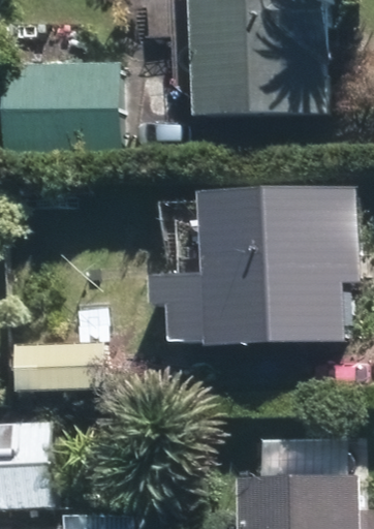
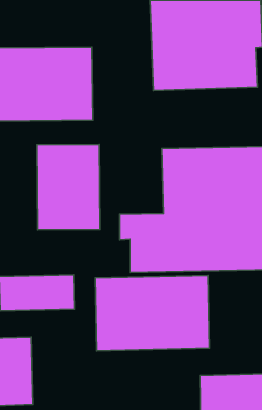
building: none -> [37,144,100,230]
building: none -> [95,275,209,351]

